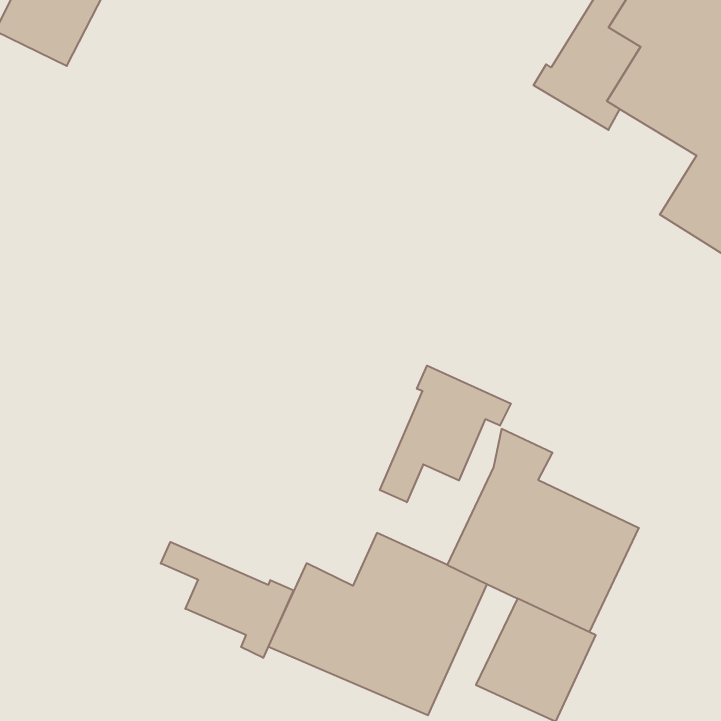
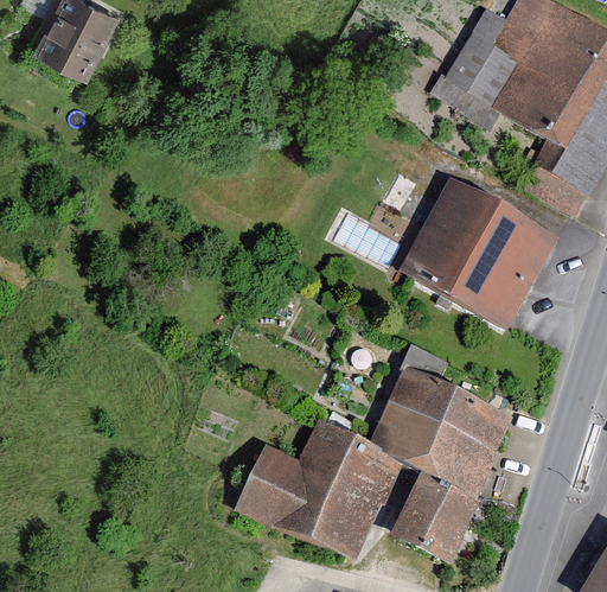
building: none -> [400,178,556,327]
building: [380,366,511,502] -> none
building: [161,542,294,658] -> none

